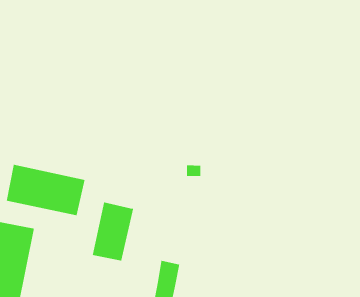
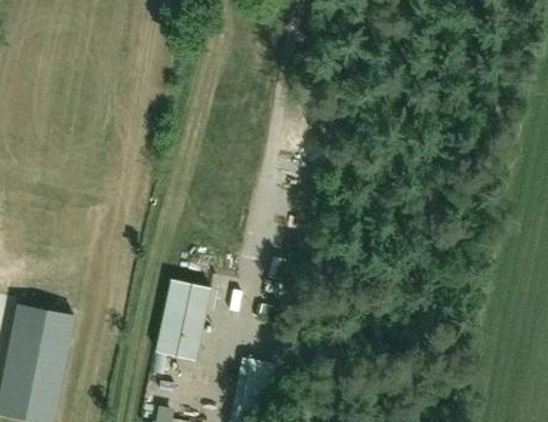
building: [6,164,85,216] -> none

